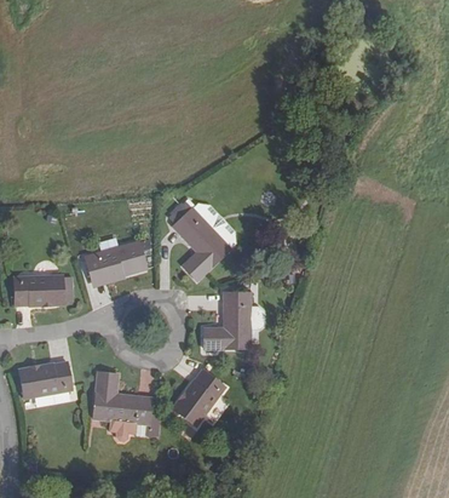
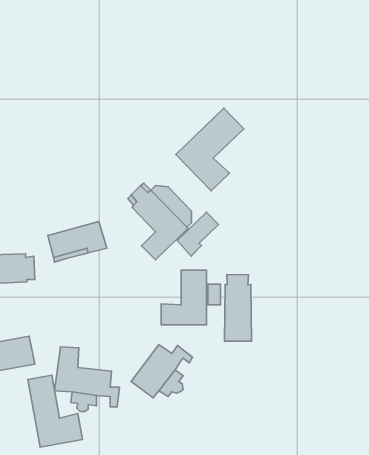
building: none -> [176,108,244,191]
building: none -> [177,212,218,256]
building: none -> [225,275,252,341]
building: none -> [28,375,82,447]

